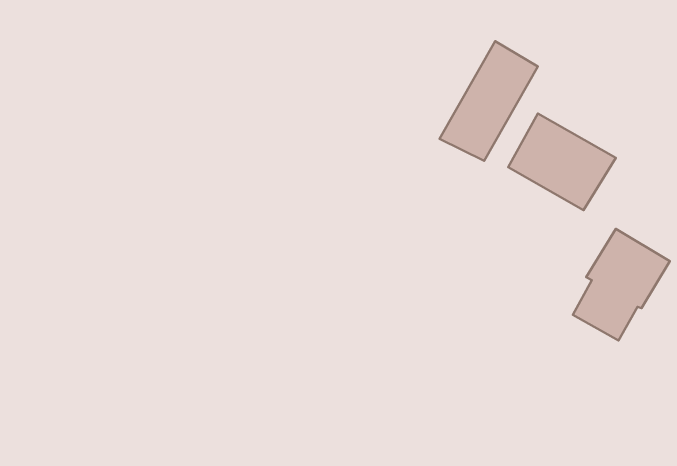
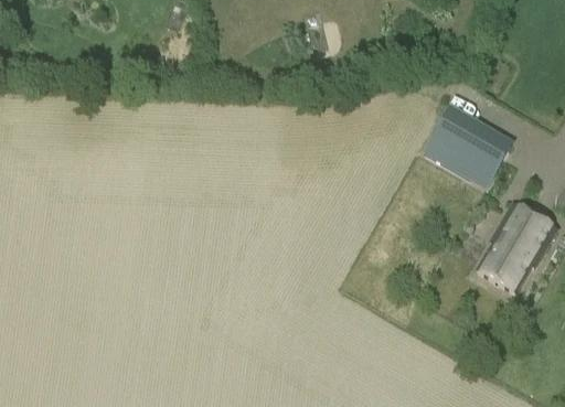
building: [440,41,538,161] -> none

